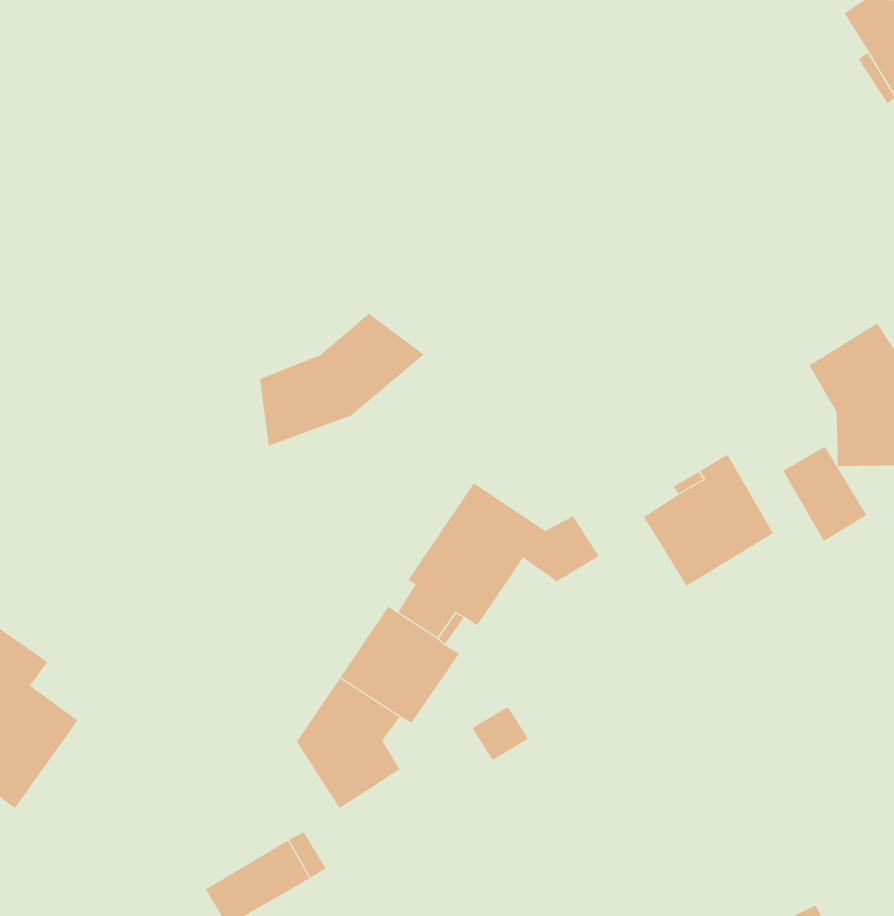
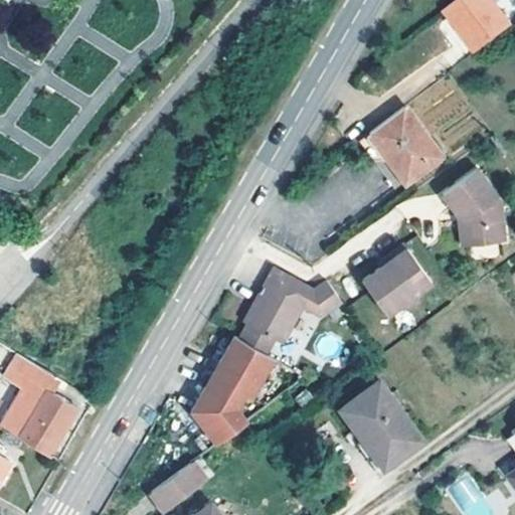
building: none -> [359,108,441,183]
building: [259,313,425,446] -> none
building: [783,446,867,542] -> none
building: none -> [340,381,422,470]

